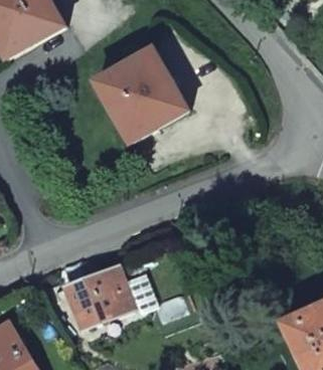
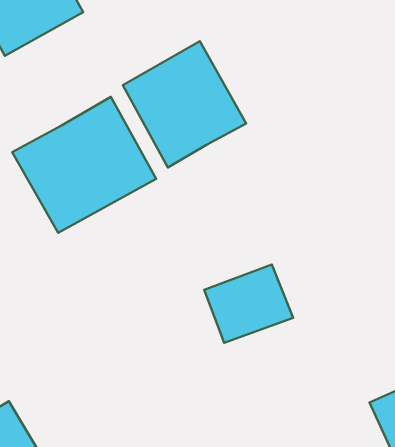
building: none -> [12,97,156,233]
building: [66,266,134,326] -> [204,265,293,343]

